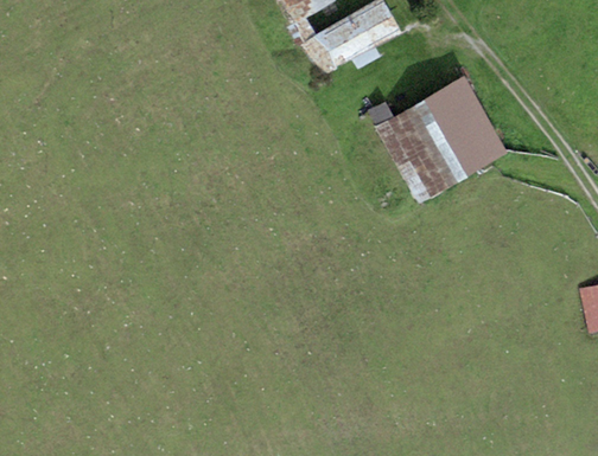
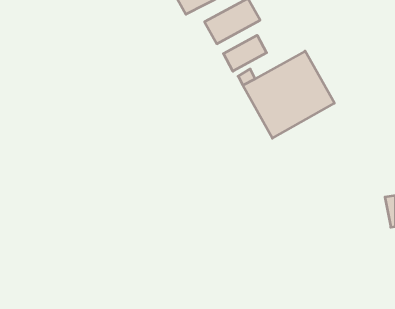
building: none -> [223,35,267,71]

